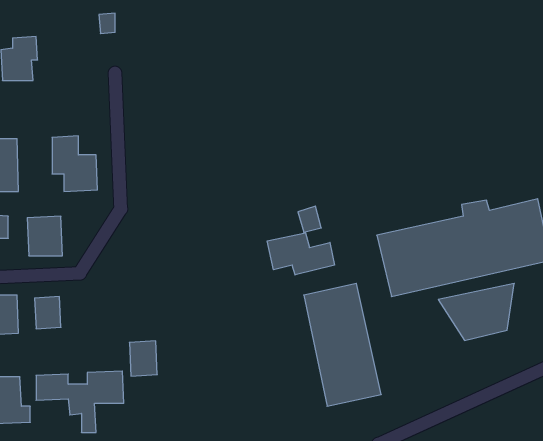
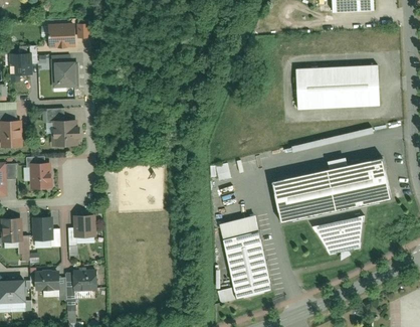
building: none -> [47,28,74,44]
building: none -> [51,59,78,93]
building: none -> [295,64,379,108]
building: [267,233,334,275] -> none
building: [129,341,157,376] -> [75,220,94,244]

